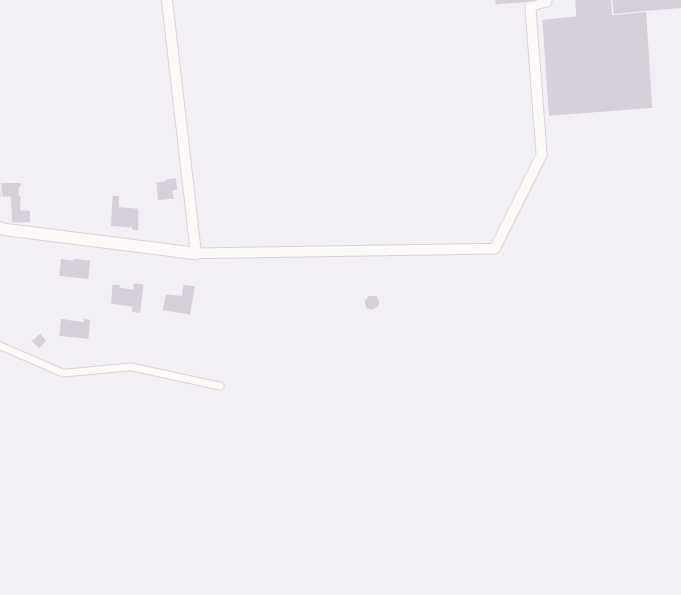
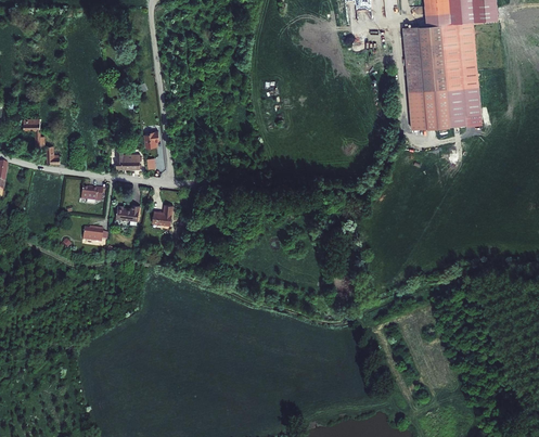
building: none -> [408,87,482,130]

